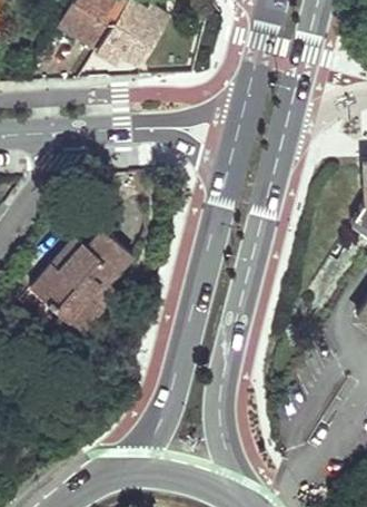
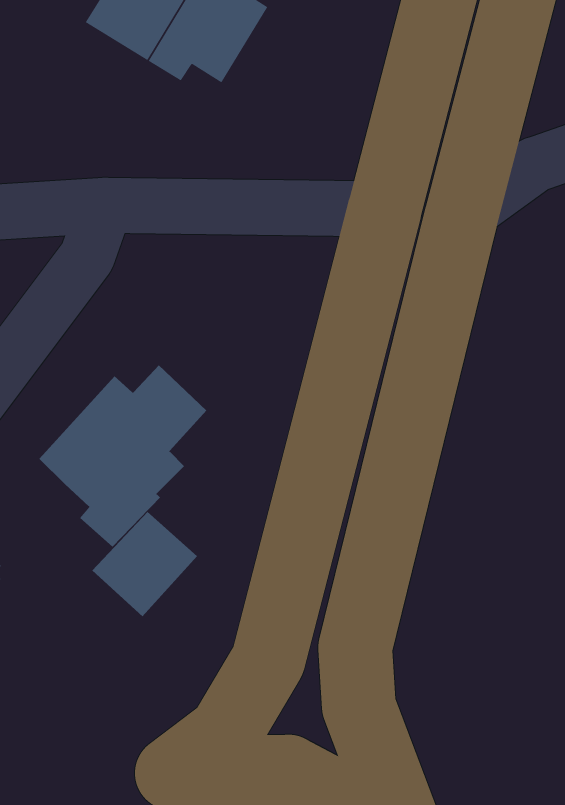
building: none -> [92,511,198,617]

